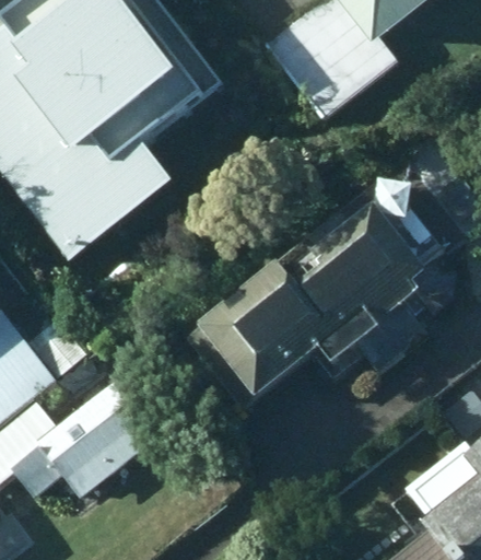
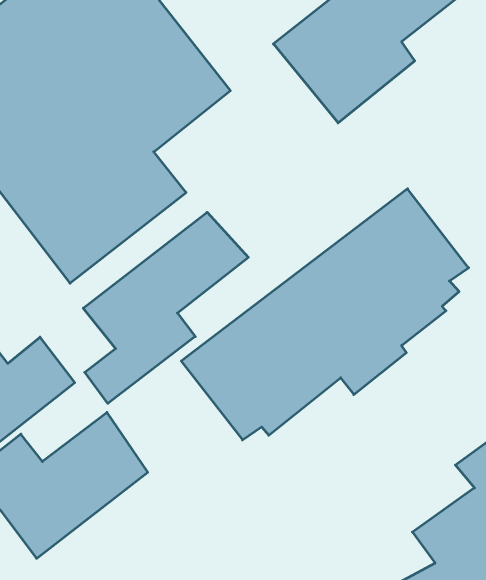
building: none -> [83,212,248,403]

